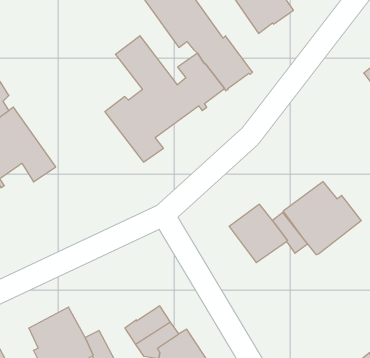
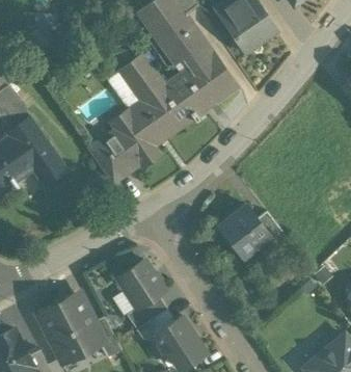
building: none -> [89,130,139,182]
building: [283,182,361,255] -> none
building: none -> [117,260,164,309]

